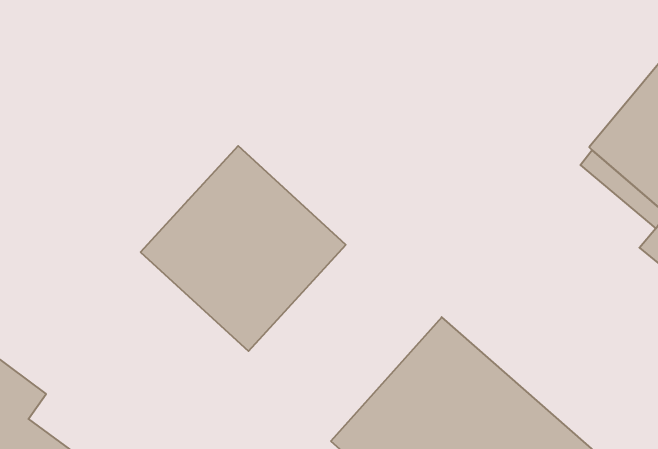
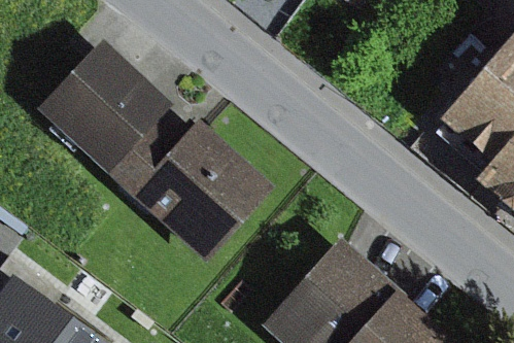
building: none -> [37,38,173,193]

